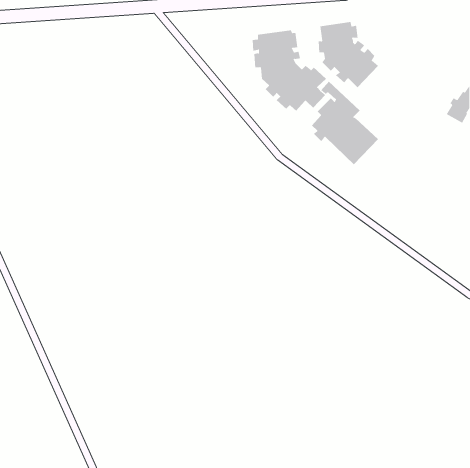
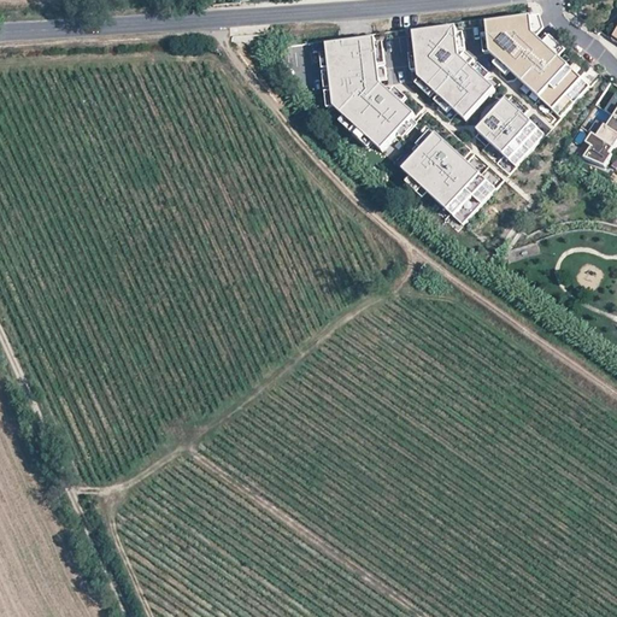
building: none -> [481,18,582,113]
building: none -> [475,95,539,159]

